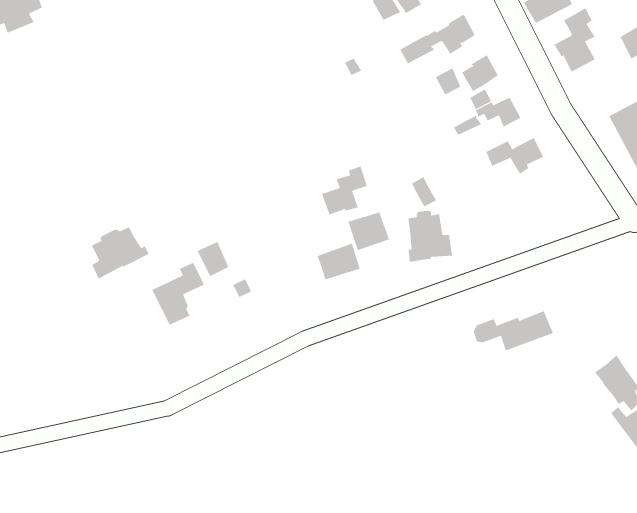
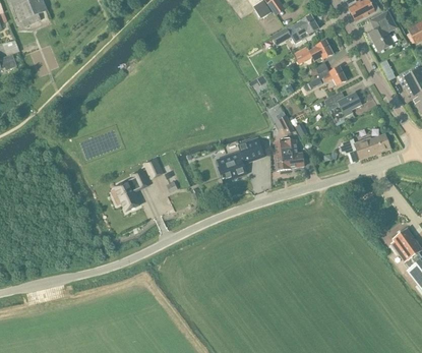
building: [321,165,367,215] -> none
building: [91,226,150,279] -> none
building: [473,311,554,351] -> [340,133,390,159]

